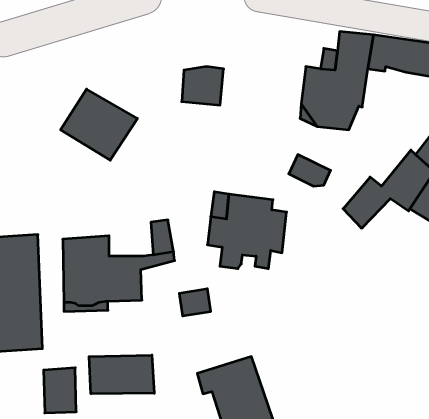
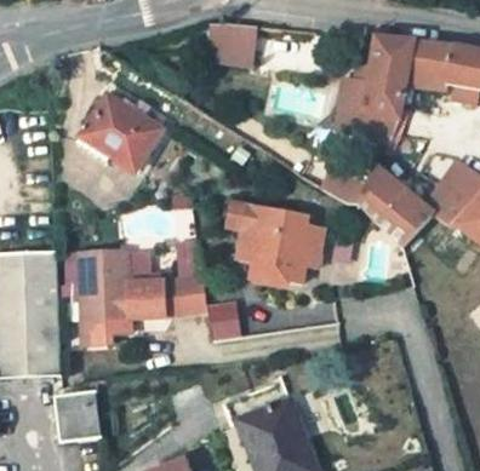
building: [182,67,224,105] -> [212,21,257,62]
building: none -> [361,159,411,224]
building: none -> [165,280,206,322]
building: [89,355,154,394] -> none

